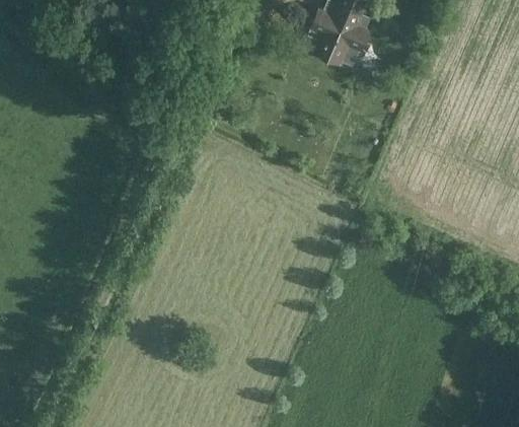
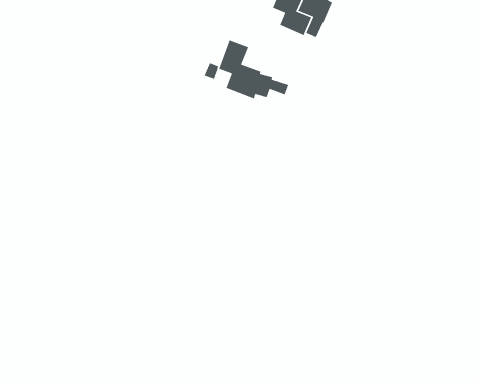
building: none -> [218,39,289,100]

